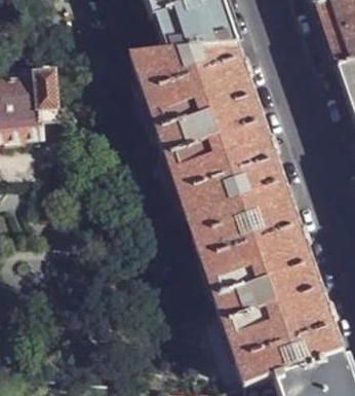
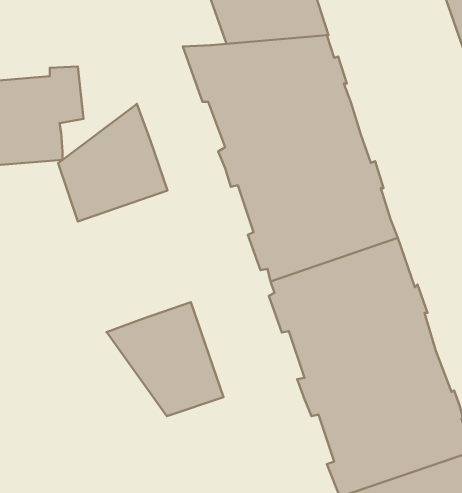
building: none -> [58,104,167,221]
building: none -> [107,302,223,416]

